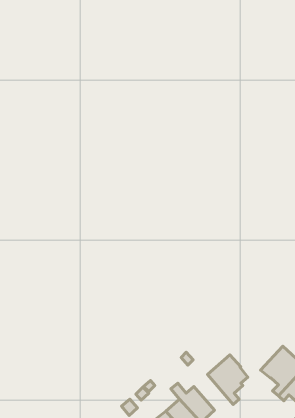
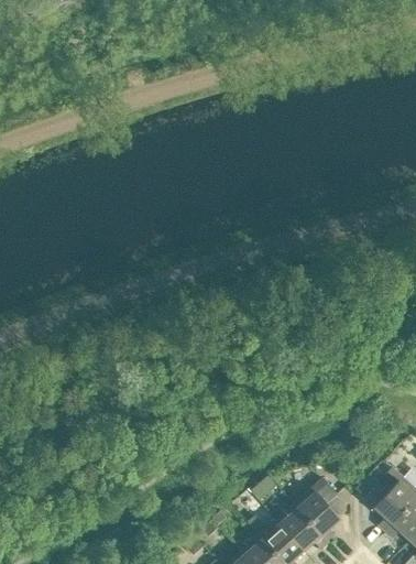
building: none -> [278,505,329,551]

